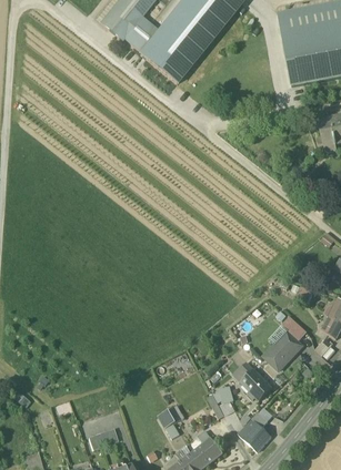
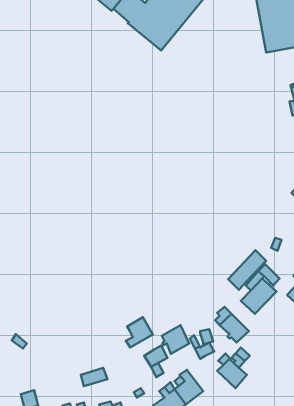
building: none -> [228,250,266,290]
building: none -> [126,317,153,347]
building: none -> [162,325,189,354]

